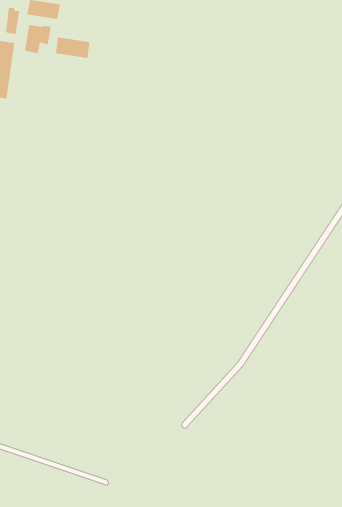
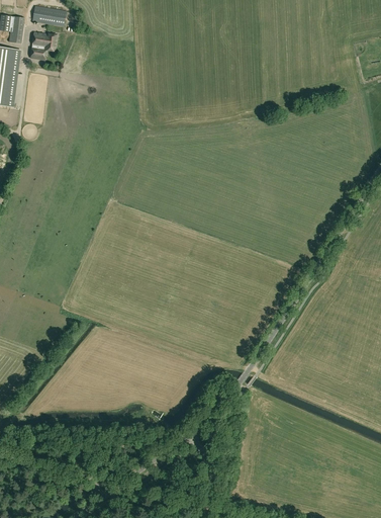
building: [55,37,90,59] -> none

